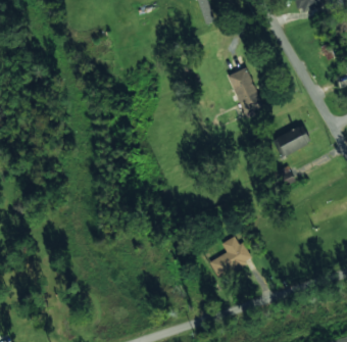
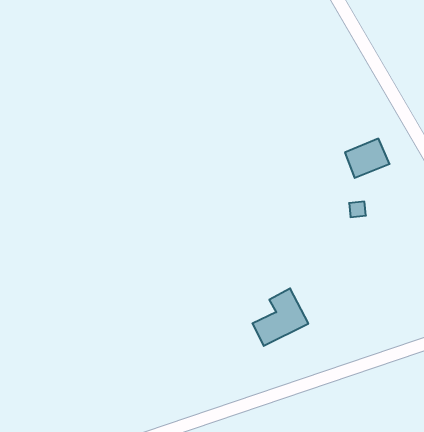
building: [227,68,263,115] -> none

